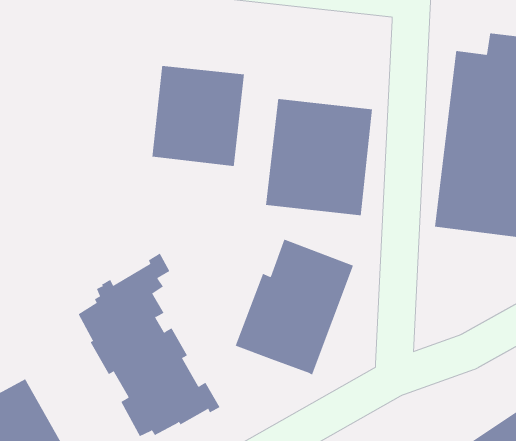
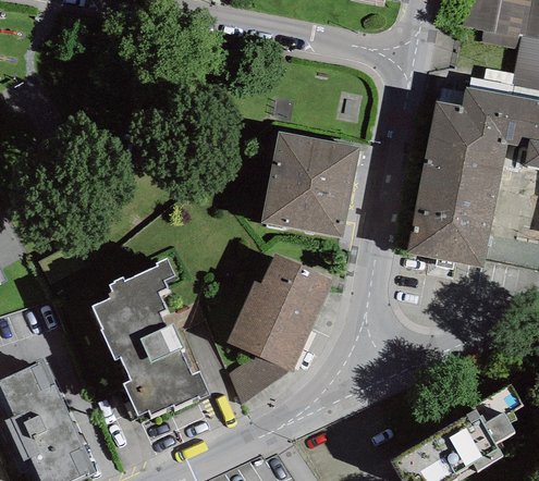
building: [152,65,245,167] -> none
building: none -> [226,356,287,404]

